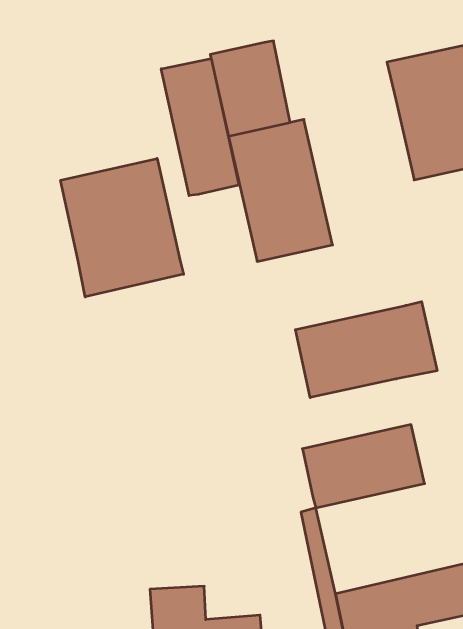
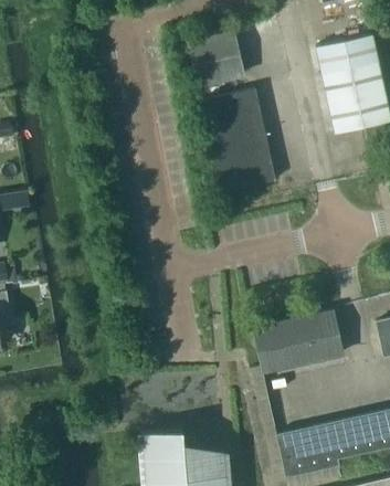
building: [161,58,239,196] -> none
building: [61,158,184,297] -> none
building: [295,302,437,398] -> none

